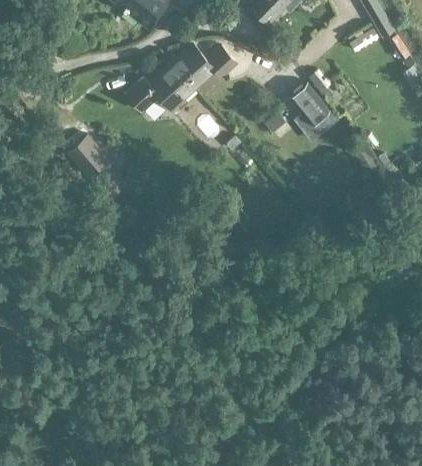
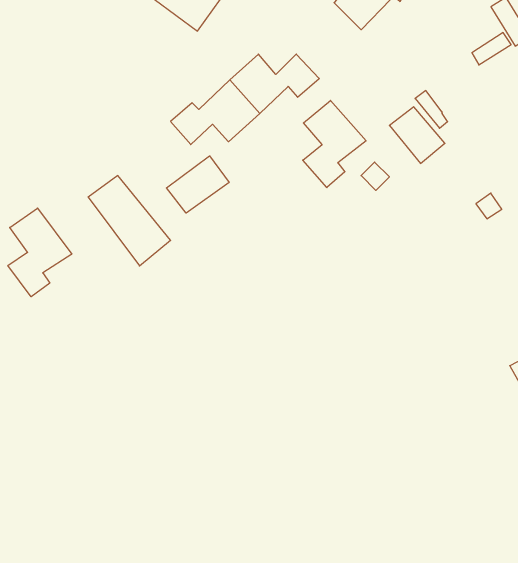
building: none -> [303,100,366,188]
building: none -> [166,156,229,213]
building: none -> [8,208,72,297]

